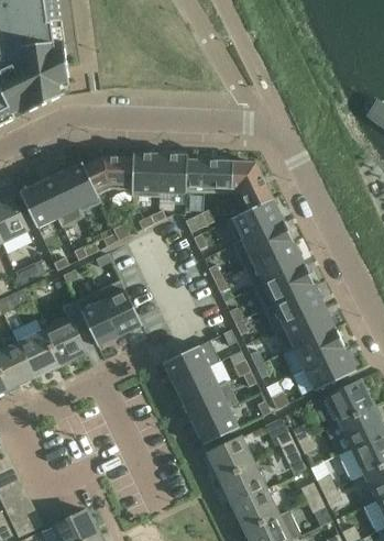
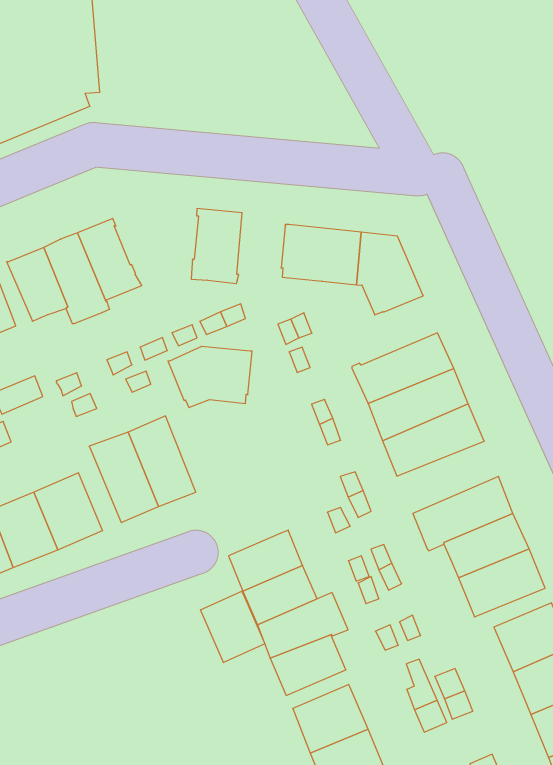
building: [158,154,187,192] -> none
building: [83,156,133,194] -> [168,346,252,408]
building: [226,198,282,242] -> none
building: [262,284,323,330] -> none
building: none -> [201,591,265,663]

